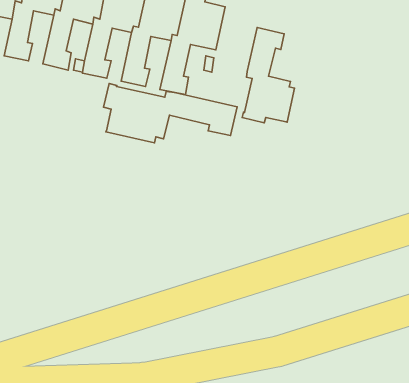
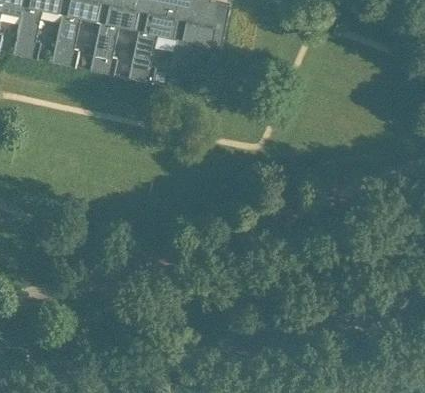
building: [242,28,295,123] -> none
building: [103,83,237,143] -> none

